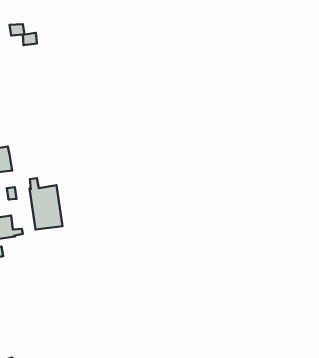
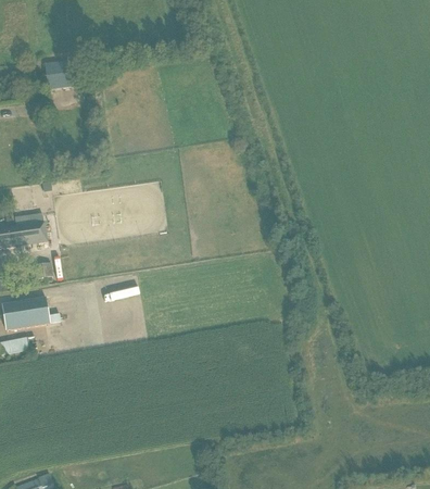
building: [29,178,63,230] -> none

